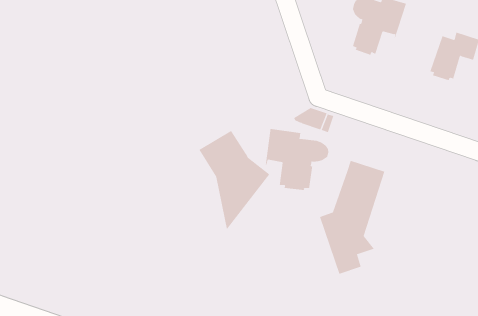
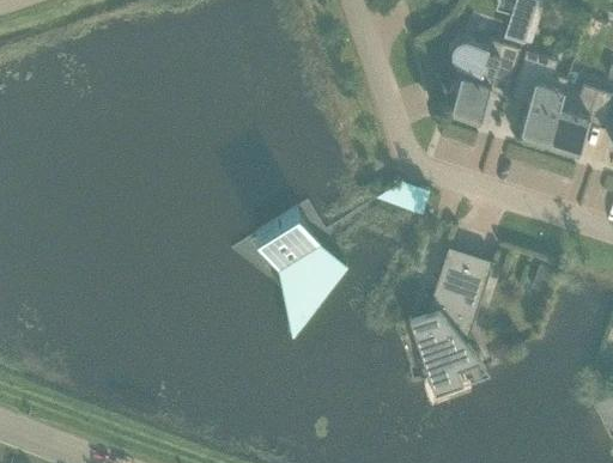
building: none -> [511,54,569,140]
building: [265,128,329,191] -> none

